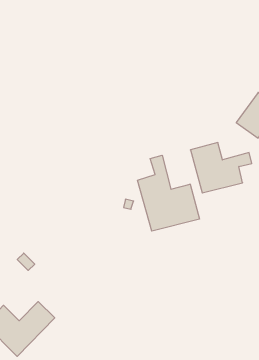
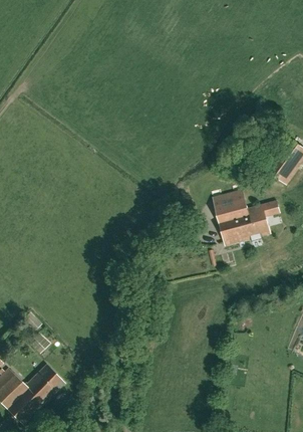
building: [137,155,199,231] -> none

